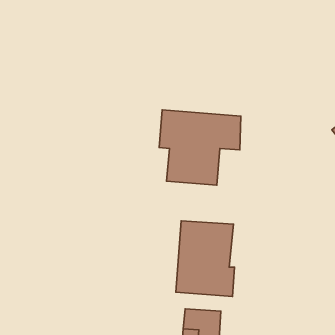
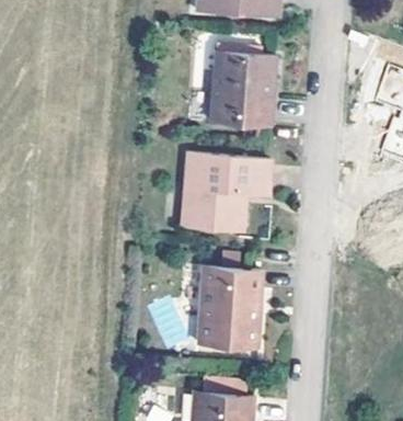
building: none -> [211,53,275,127]

